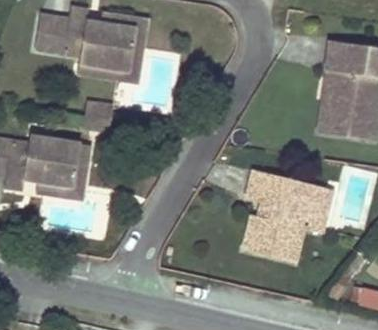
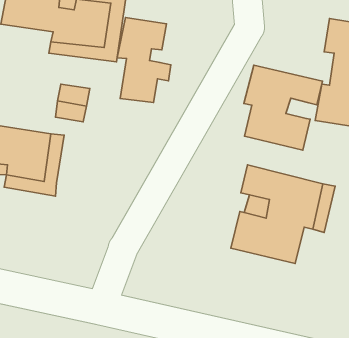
building: none -> [117,18,171,102]
building: none -> [244,65,323,150]

